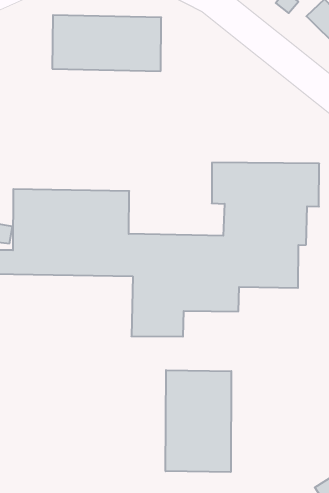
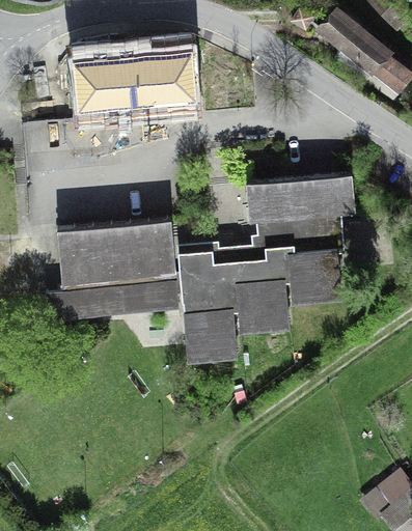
building: [166,370,231,472] -> none

